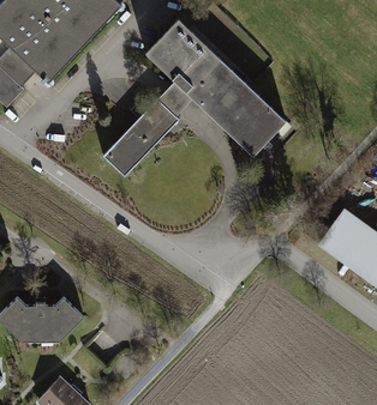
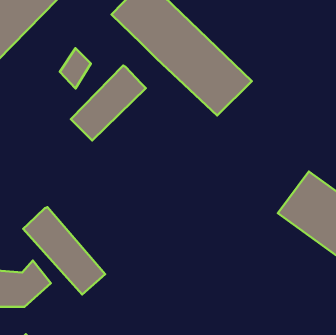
building: [160,79,191,120] -> [60,48,91,88]
building: none -> [23,207,105,295]

